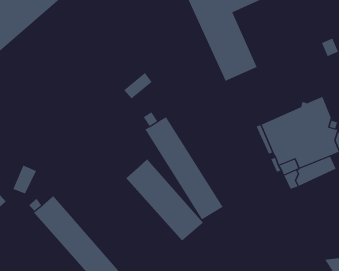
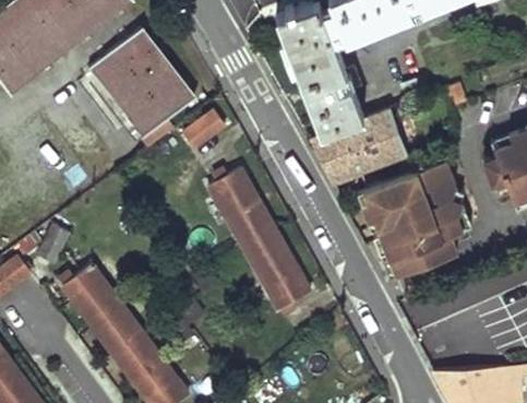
building: none -> [91,31,191,146]
building: none -> [313,109,409,182]
building: [125,159,204,241] -> none

